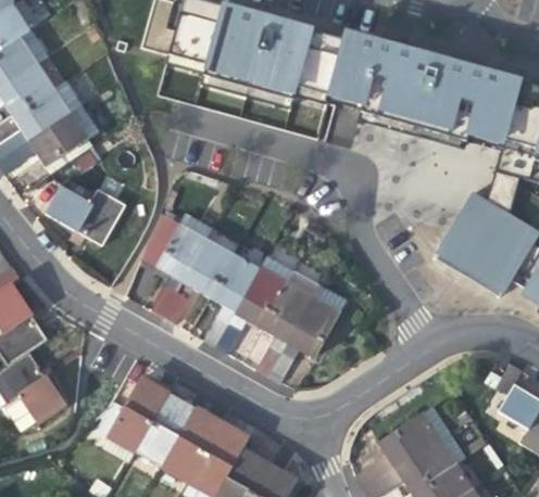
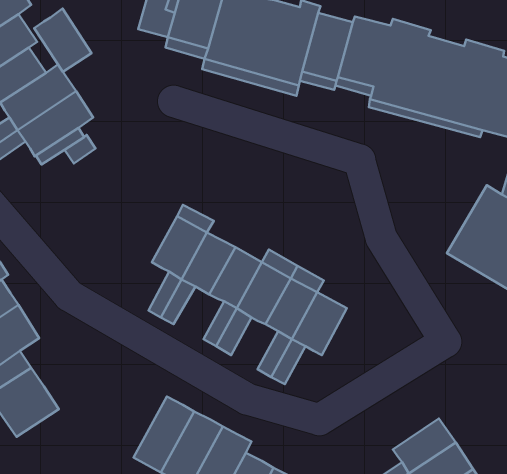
building: none -> [34,9,91,72]
building: [47,183,126,244] -> none
building: [98,378,170,449] -> none

